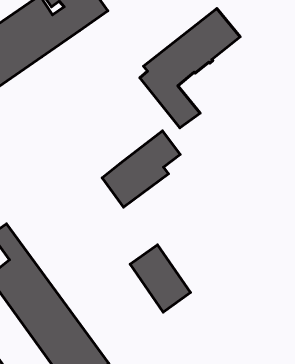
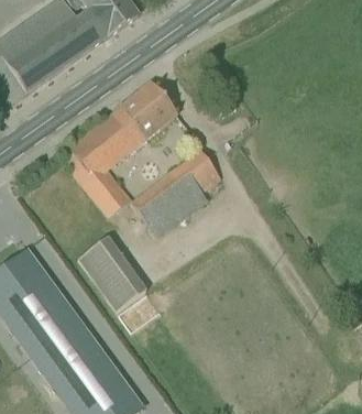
building: [140,9,240,128] -> [64,80,177,215]
building: [130,245,191,312] -> [77,232,145,308]

